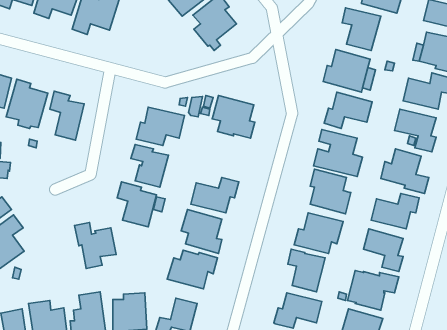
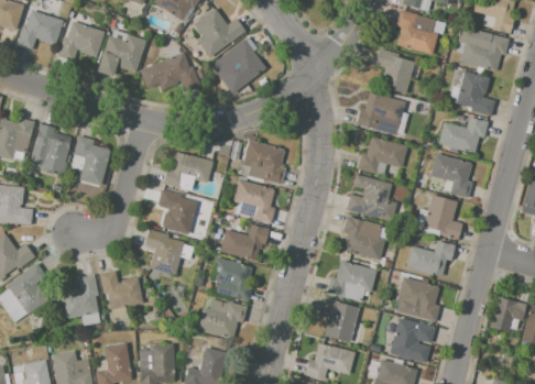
building: none -> [140,51,201,90]
building: none -> [233,178,276,222]
building: none -> [61,274,101,326]

